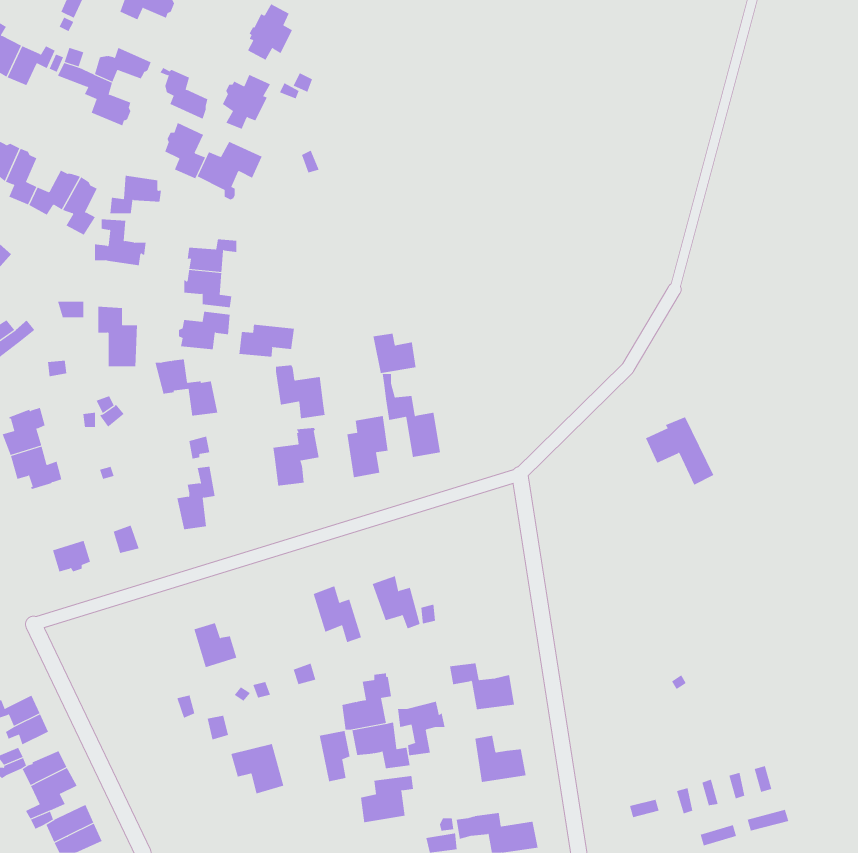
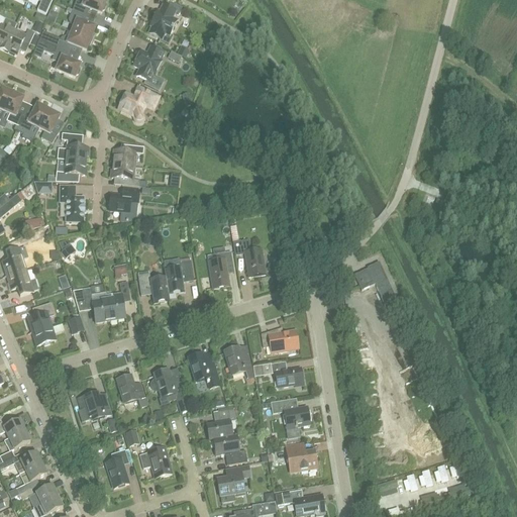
building: [160,67,208,119] -> [65,6,94,37]
building: [164,122,206,179] -> none
building: [110,175,162,214] -> [55,157,86,180]
building: [239,324,295,357] -> none
building: [373,333,416,374] -> none
building: [154,359,218,416] -> [72,286,110,320]
building: [275,365,325,419] -> [137,269,168,301]
building: [645,416,714,485] -> [353,260,395,301]
building: none -> [27,301,54,330]
building: none -> [260,327,296,350]
building: none -> [270,360,302,385]
building: none -> [152,368,180,396]
building: none -> [77,391,110,419]
building: [397,701,445,756] -> none
building: [319,730,350,782] -> none
building: none -> [105,447,128,486]

